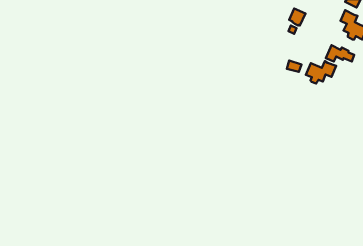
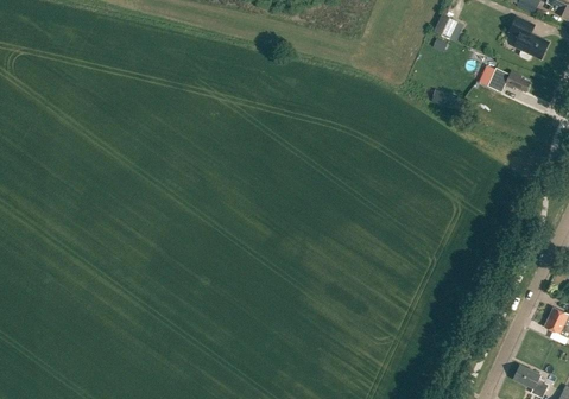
building: [306,61,336,83] -> none

